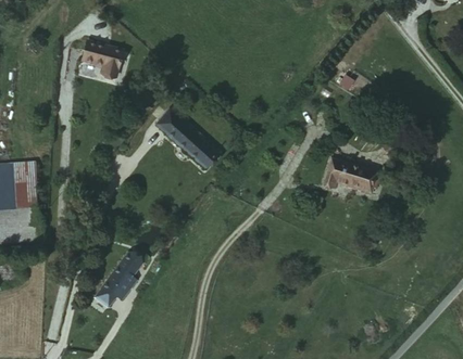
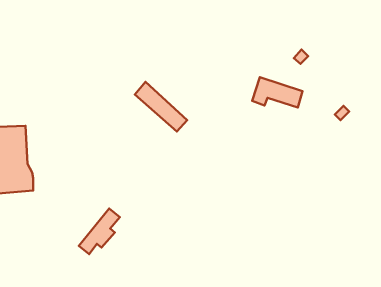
building: [71,41,116,84] -> none
building: [323,158,380,193] -> [252,77,303,108]

